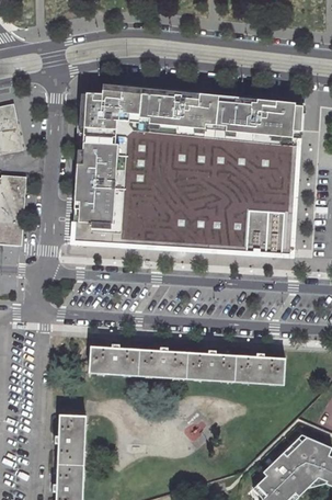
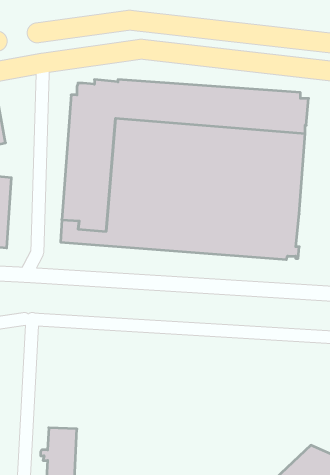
building: [88,341,284,385] -> none

